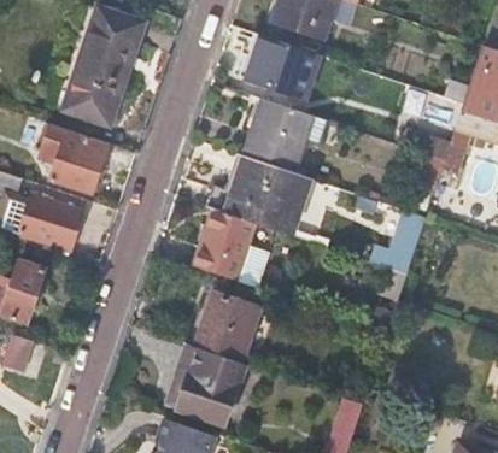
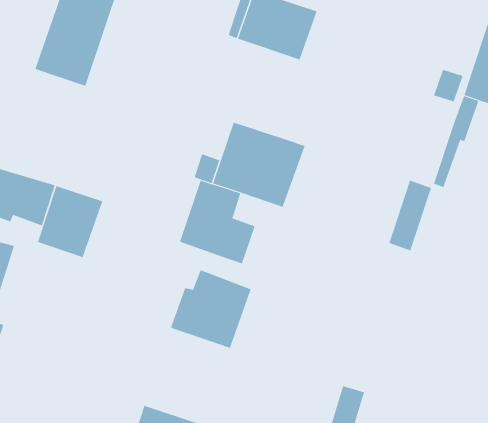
building: [244,98,311,171] -> none
building: [47,127,107,193] -> [37,185,103,258]
building: [163,345,241,419] -> none

